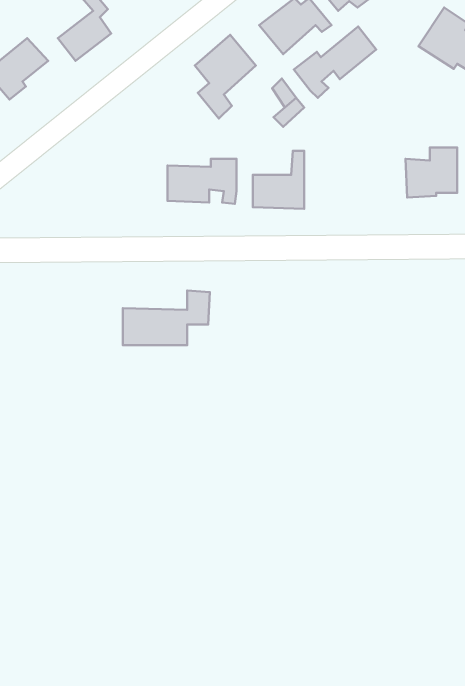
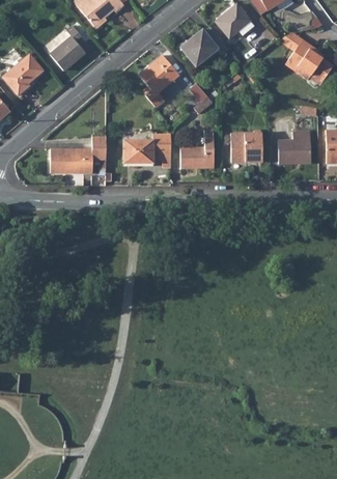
building: [294,26,376,98] -> none
building: none -> [227,134,258,163]
building: [123,291,210,345] -> [49,138,105,173]

